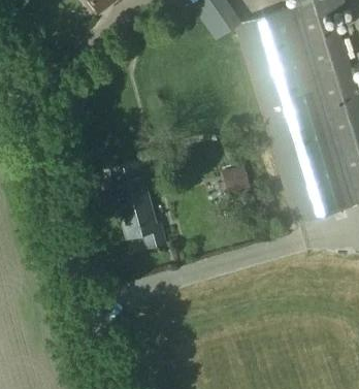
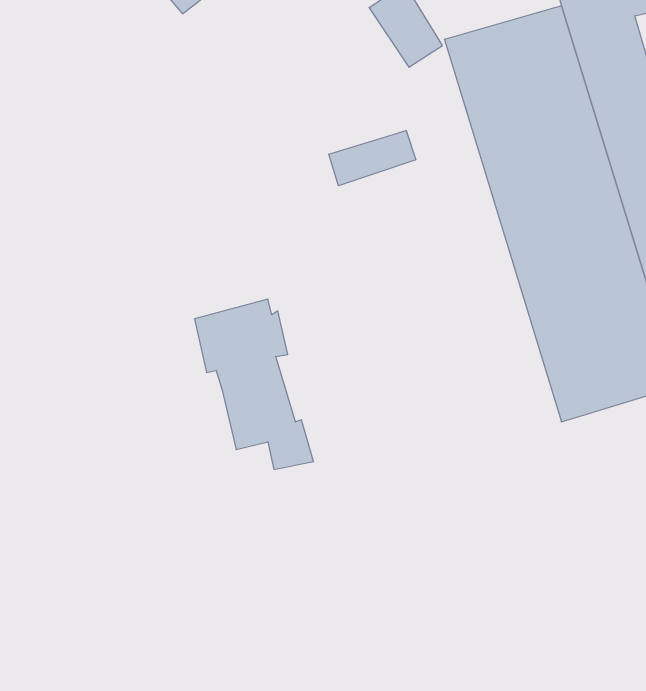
building: none -> [329,130,416,186]
building: [223,163,251,191] -> none

